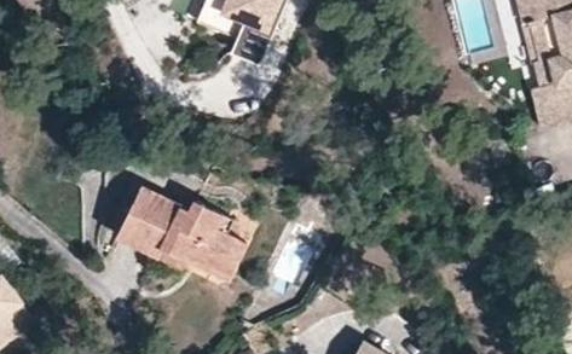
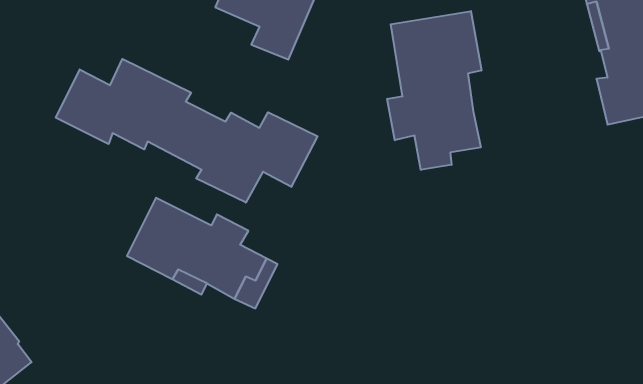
building: none -> [387,11,481,170]
building: none -> [56,59,318,203]

